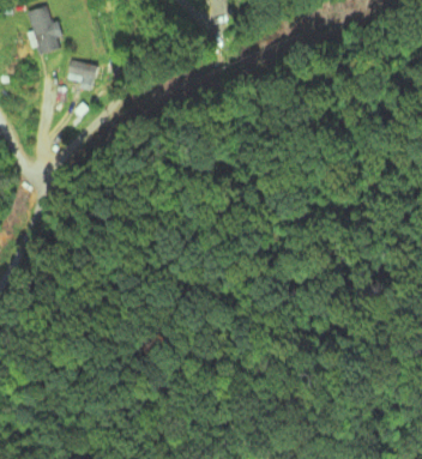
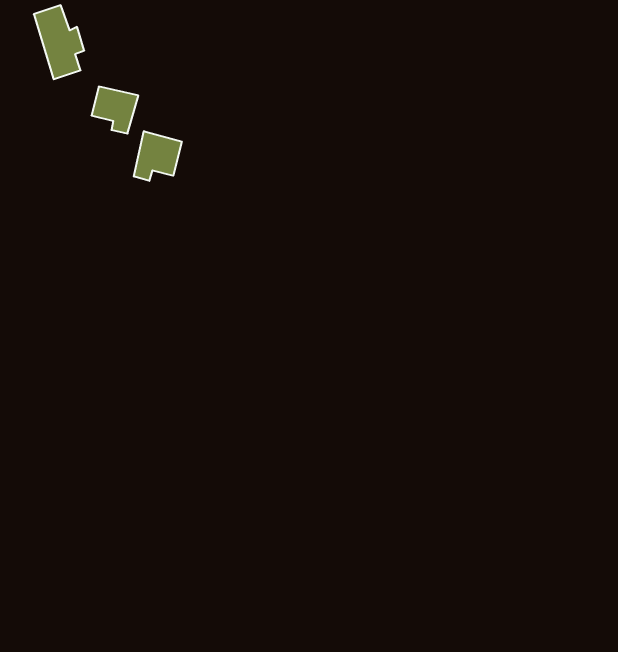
building: none -> [134,131,182,181]

